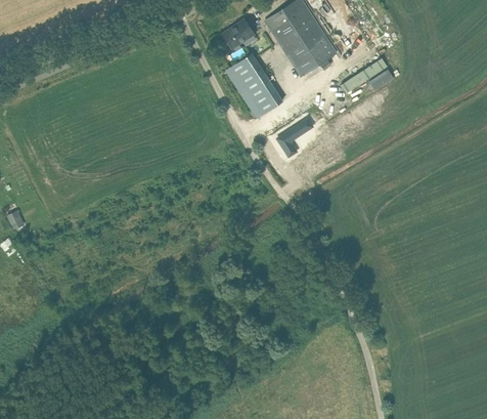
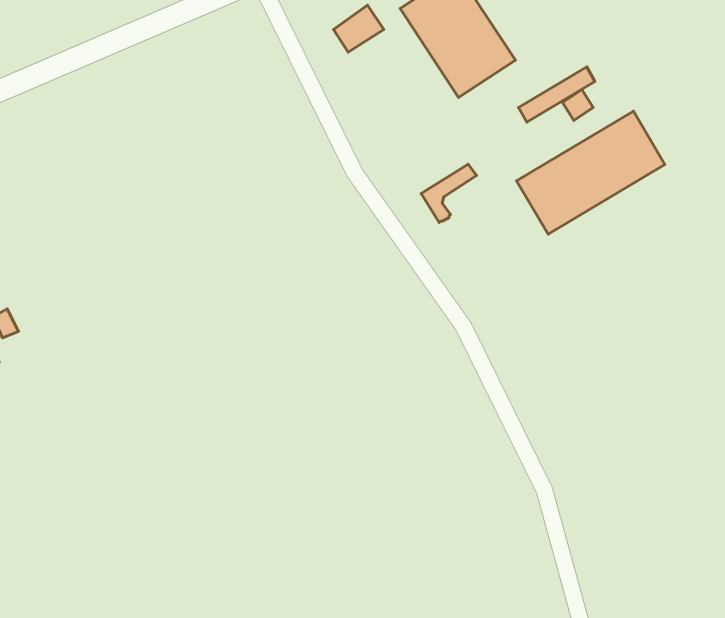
building: [225,53,283,118] -> none
building: none -> [517,111,665,234]

